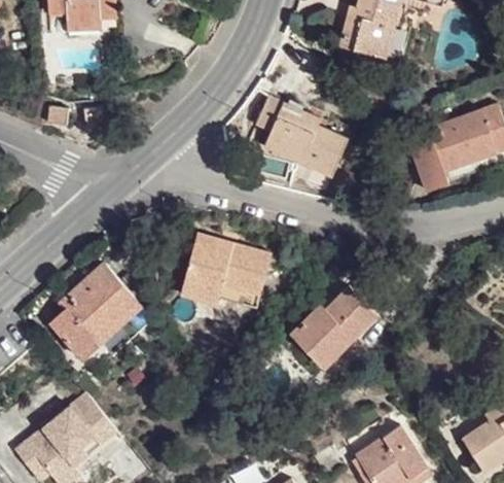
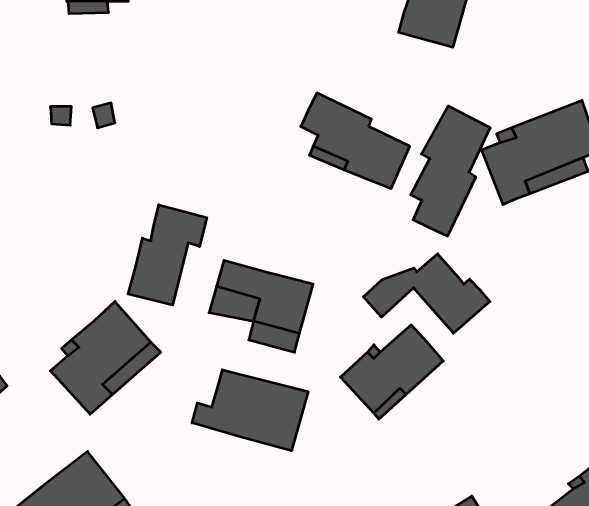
building: none -> [411,106,490,236]
building: none -> [128,205,207,305]
building: none -> [363,254,490,333]
building: none -> [192,370,308,451]

